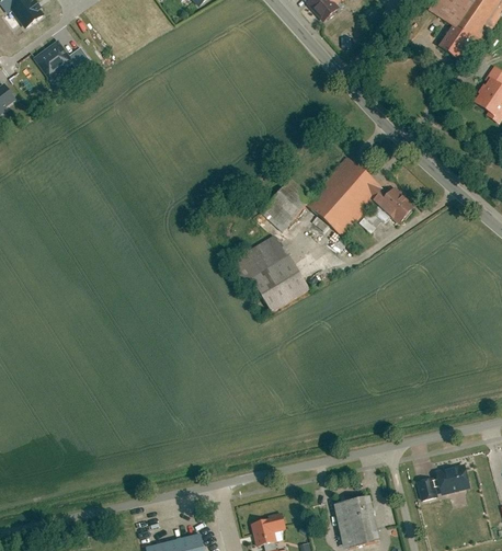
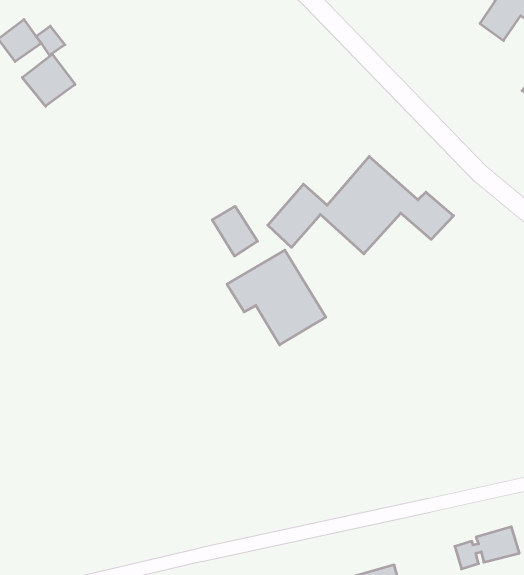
building: none -> [22,54,75,106]
building: none -> [212,206,258,256]

